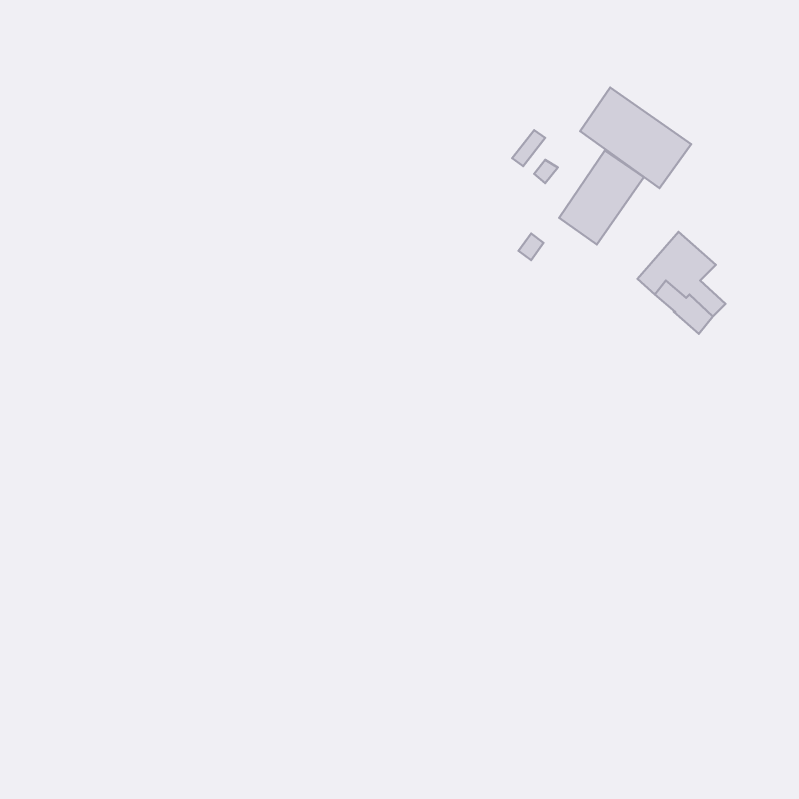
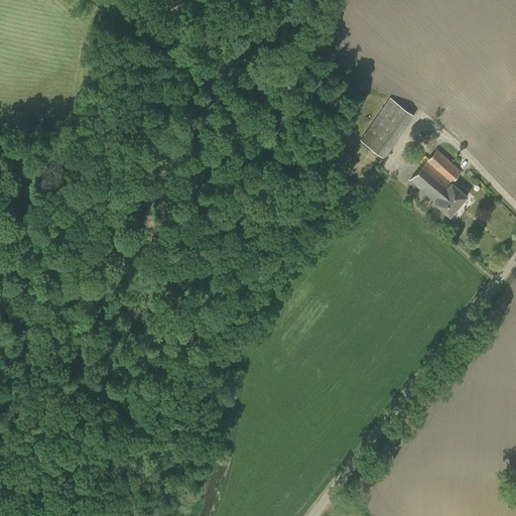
building: [580,88,691,188] -> none

